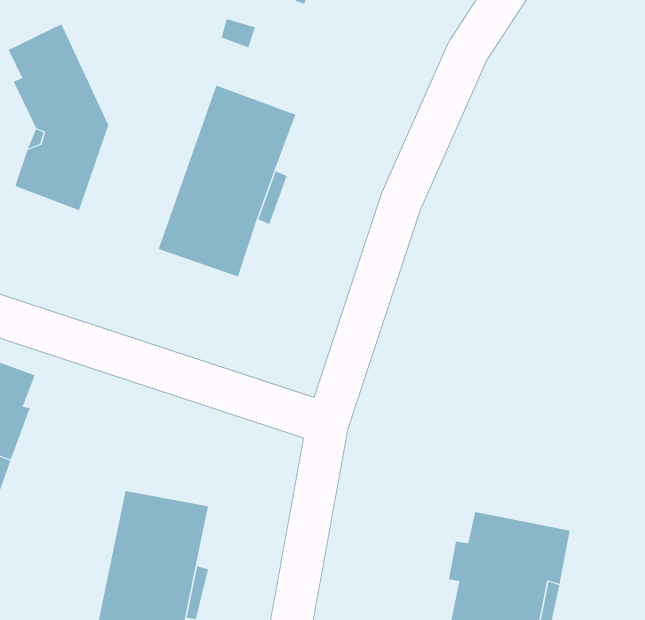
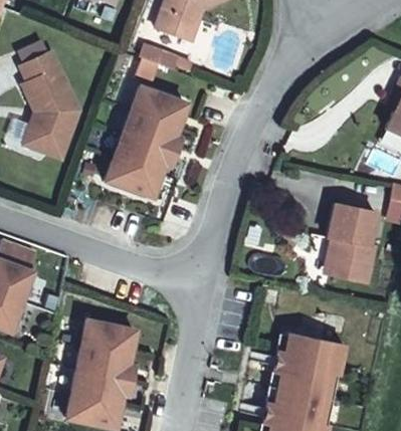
building: none -> [332,205,379,280]

